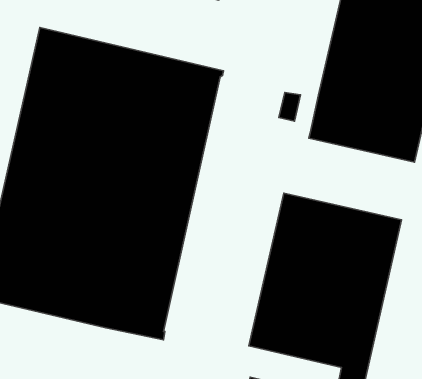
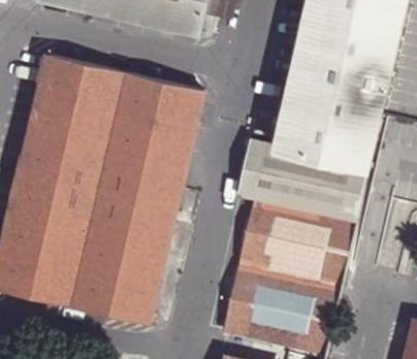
building: none -> [237,140,366,221]

